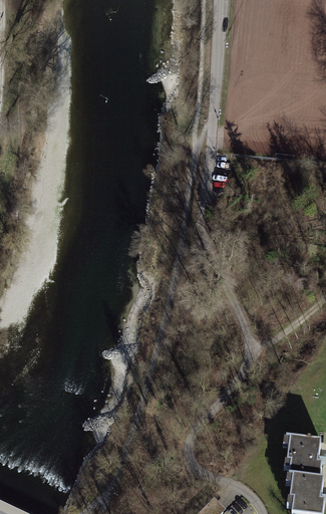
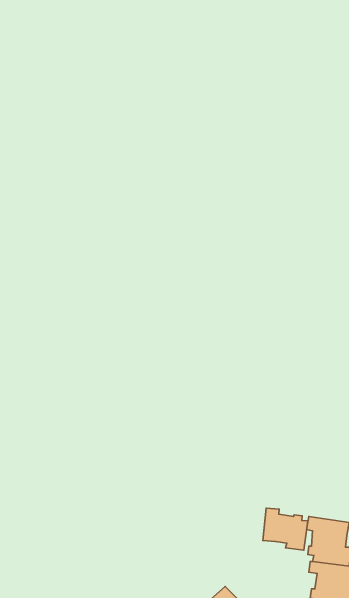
building: none -> [263,508,308,550]

